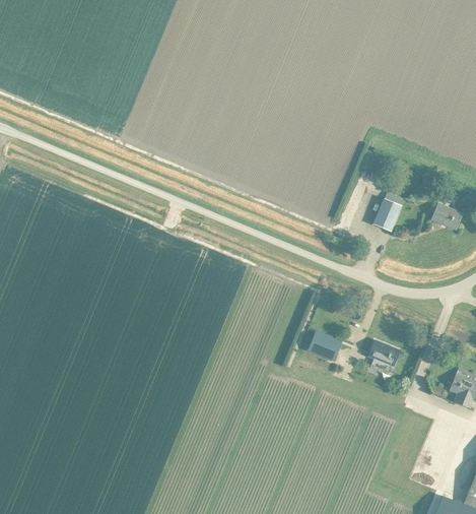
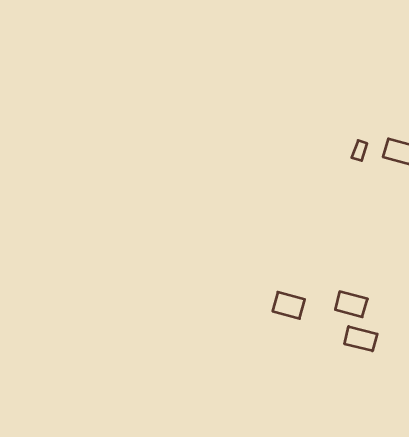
building: [373,198,402,232] -> none
building: none -> [345,326,377,351]

